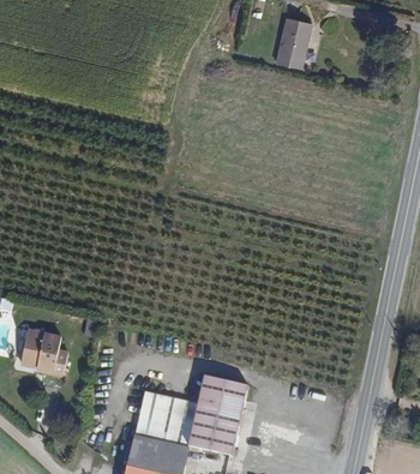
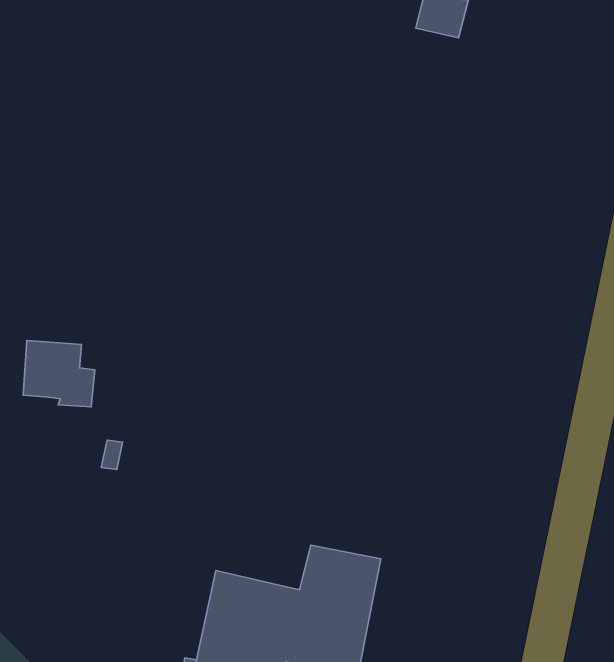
building: [26,331,71,372] -> [23,341,95,407]

